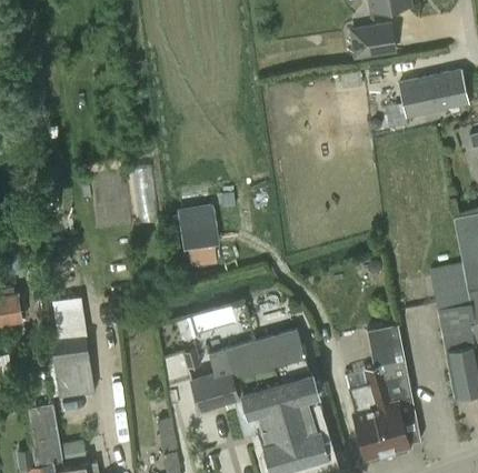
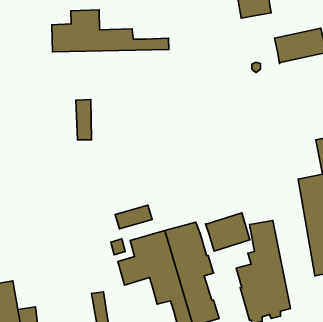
building: none -> [52,10,169,52]
building: [179,199,217,269] -> none
building: [51,296,94,400] -> none
building: none -> [205,213,250,251]

